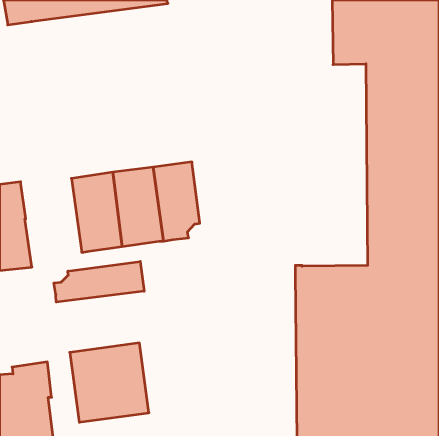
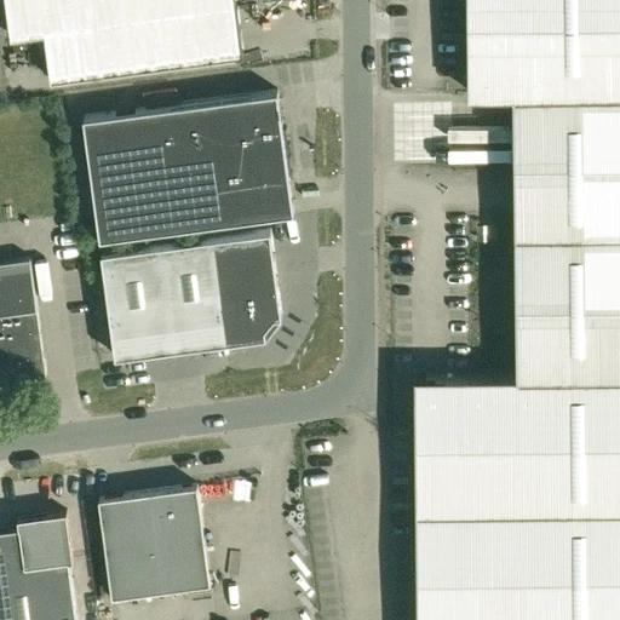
building: none -> [44,11,242,84]
building: none -> [82,94,293,242]
building: [54,261,144,302] -> none

